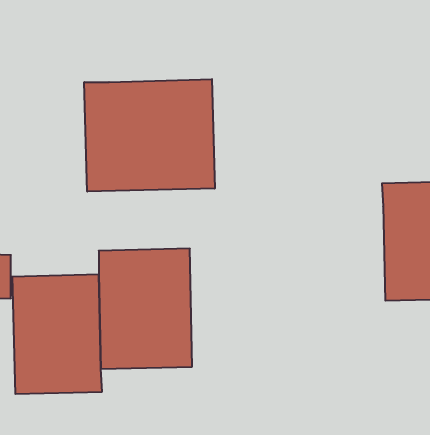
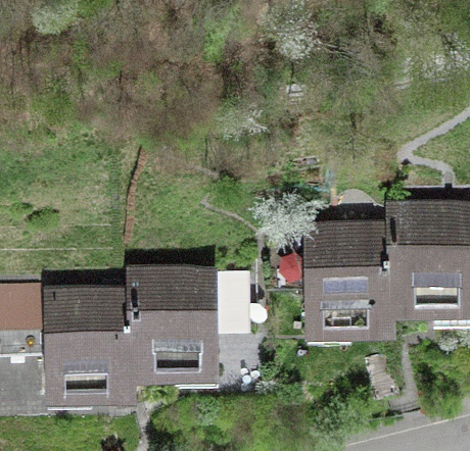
building: [84,79,215,192] -> none
building: none -> [309,230,392,342]

